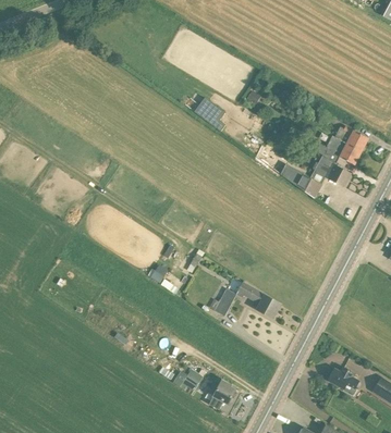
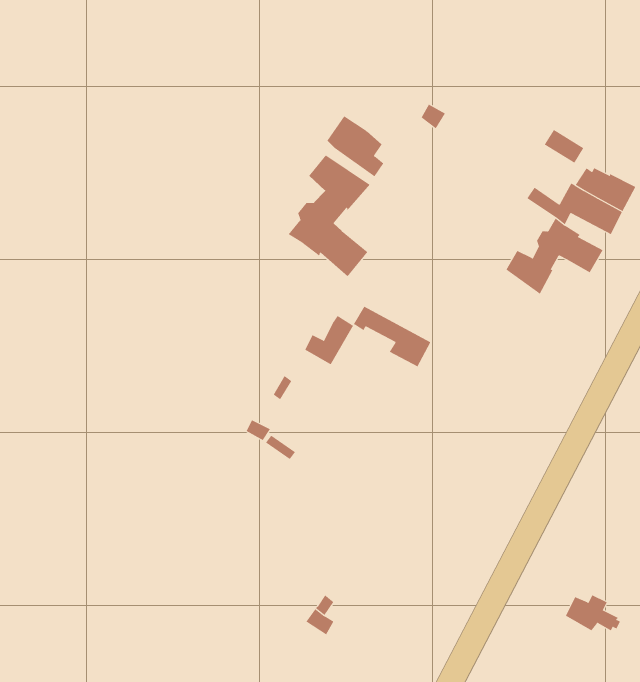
building: none -> [288,154,371,277]
building: [208,283,280,318] -> [304,306,431,367]
building: [207,380,233,409] -> none

